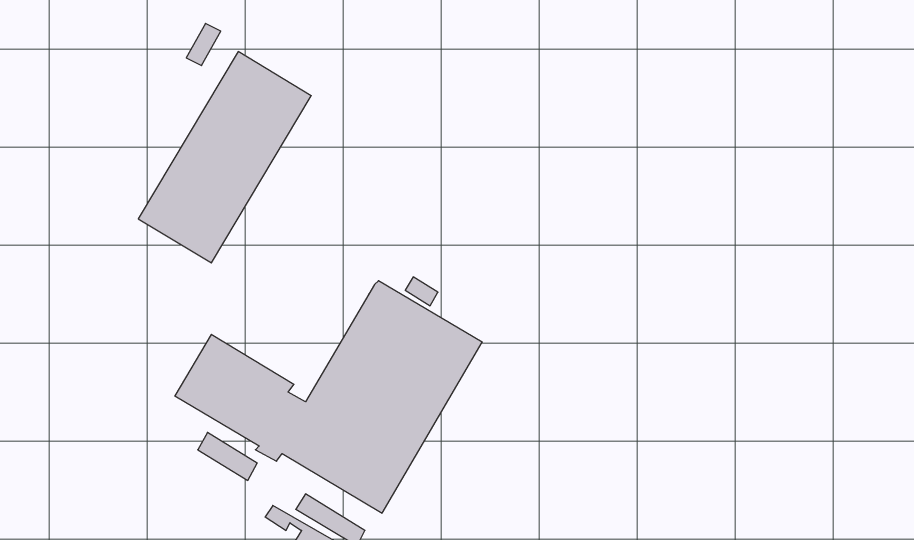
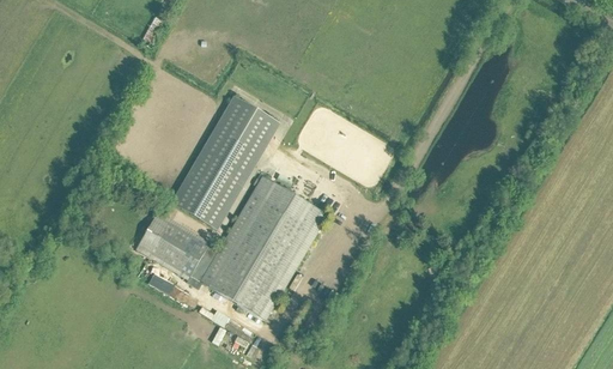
building: [138,52,311,263] -> [171,95,279,226]

